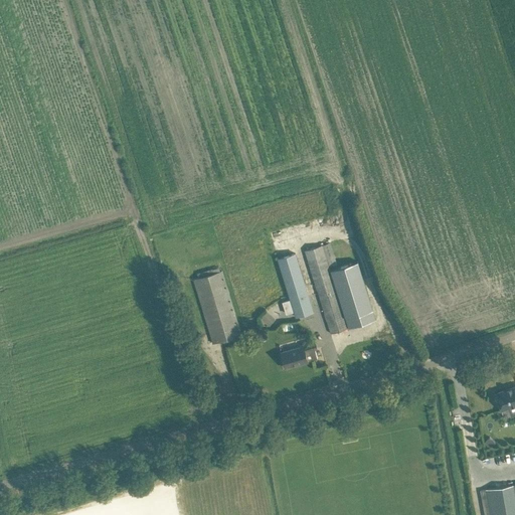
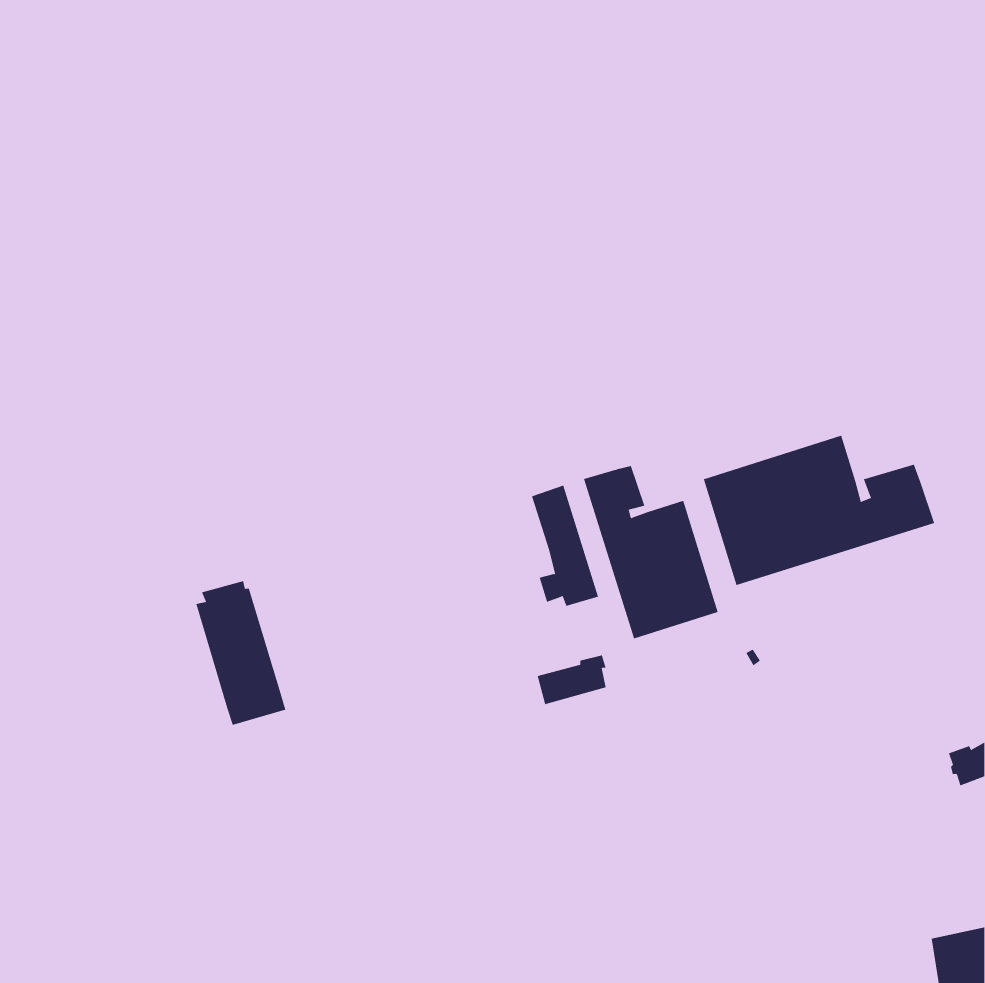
building: none -> [703,435,935,586]
building: [193,269,240,344] -> [195,581,286,725]

